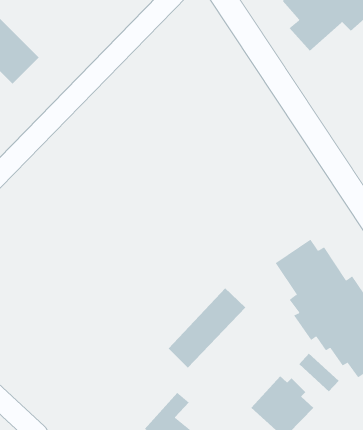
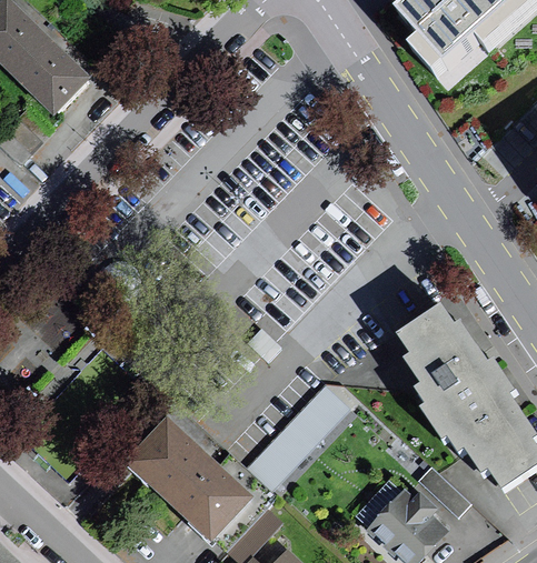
building: none -> [115,420,242,544]

